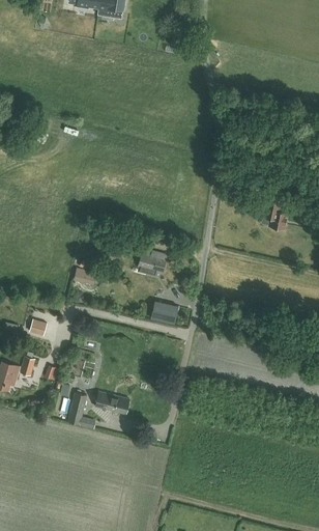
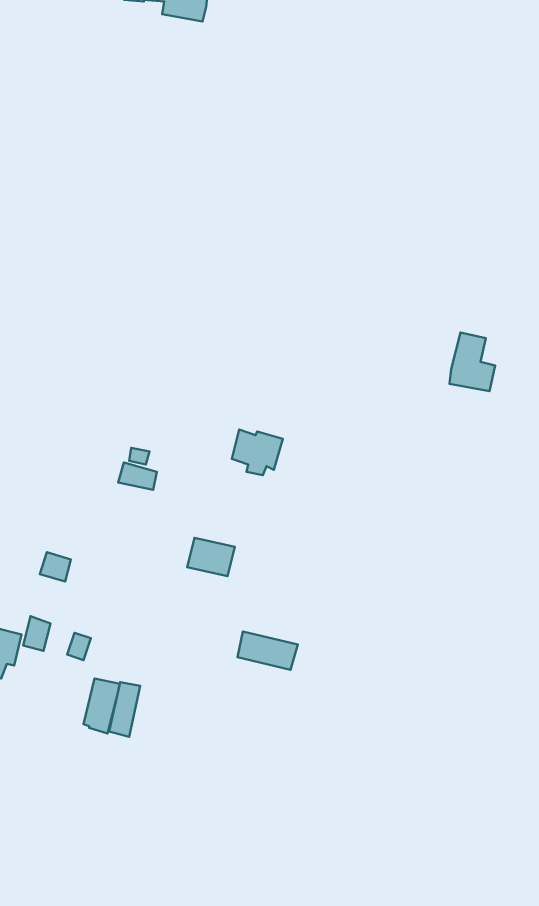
building: [151,302,178,324] -> [187,538,235,576]
building: [95,392,129,414] -> [237,632,298,670]

